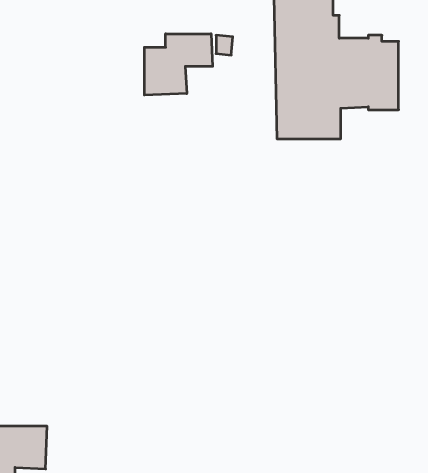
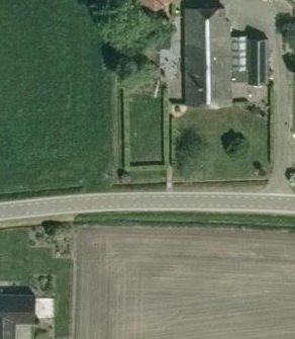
building: [144,34,213,95] -> none

